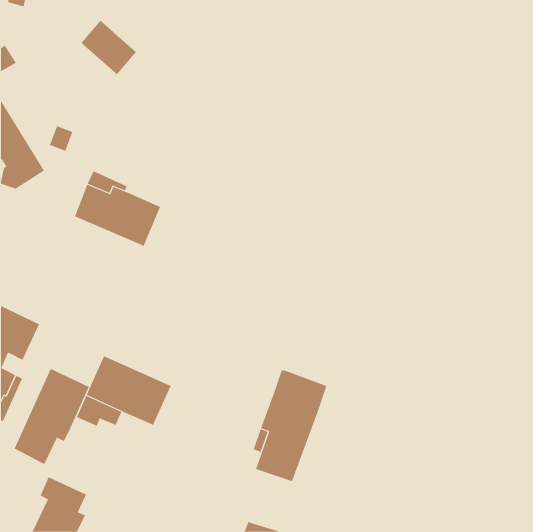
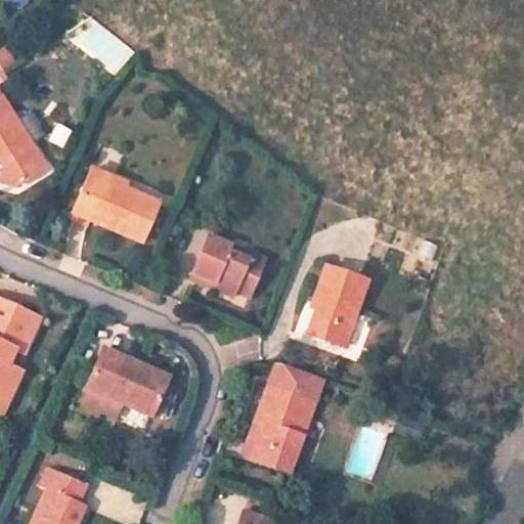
building: none -> [192,235,265,296]
building: none -> [307,265,366,346]
building: [14,368,90,465] -> none

